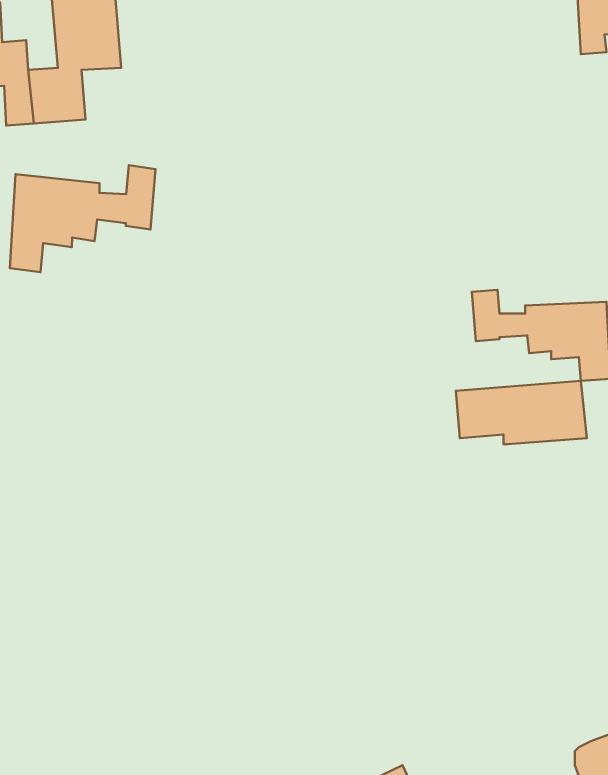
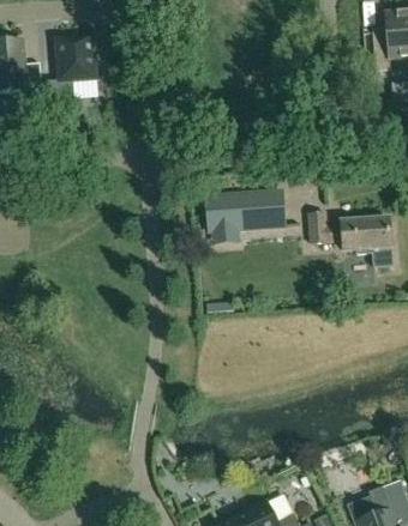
building: [10,165,155,272] -> none
building: [456,381,587,444] -> [206,191,286,229]

